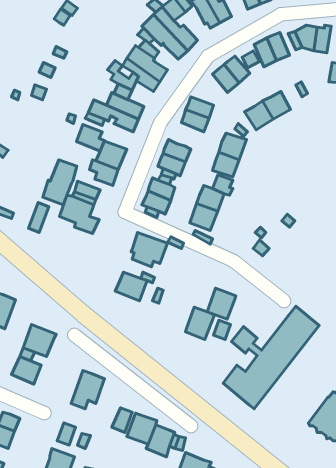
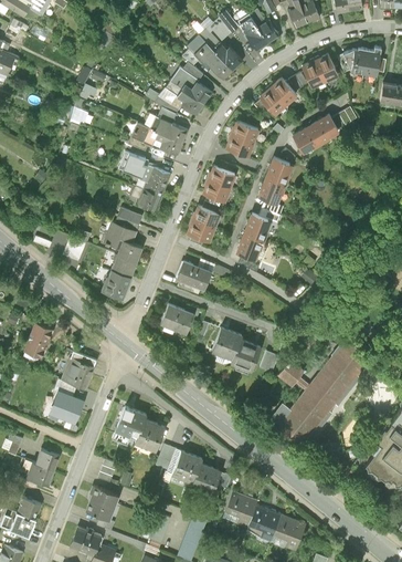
building: [43,160,77,205] -> [99,256,135,302]
building: [207,288,236,319] -> [211,327,241,360]
building: none -> [136,416,166,450]

